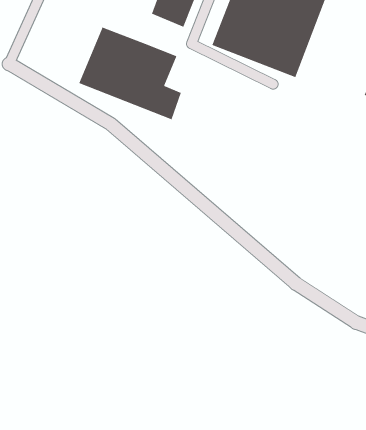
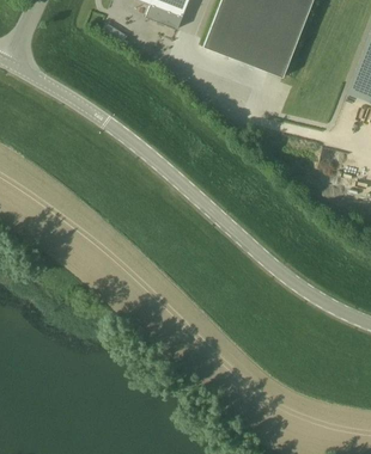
building: [78,26,181,120] -> none

